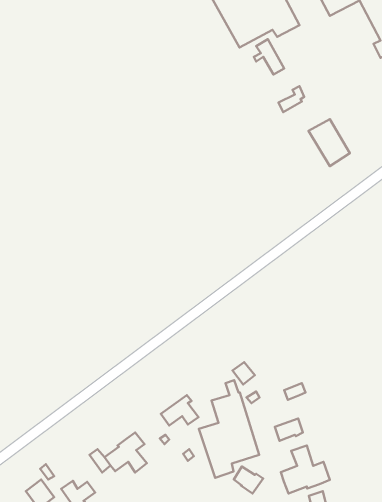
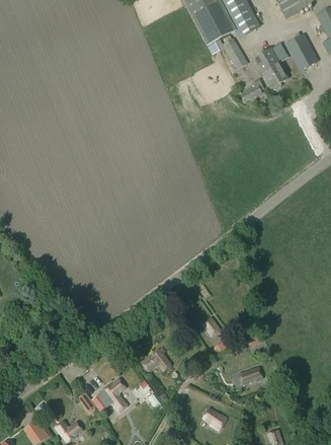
building: none -> [284,32,318,73]
building: [309,119,350,166] -> [252,48,287,88]
building: [199,380,259,478] -> none
building: [281,446,330,493] -> none

